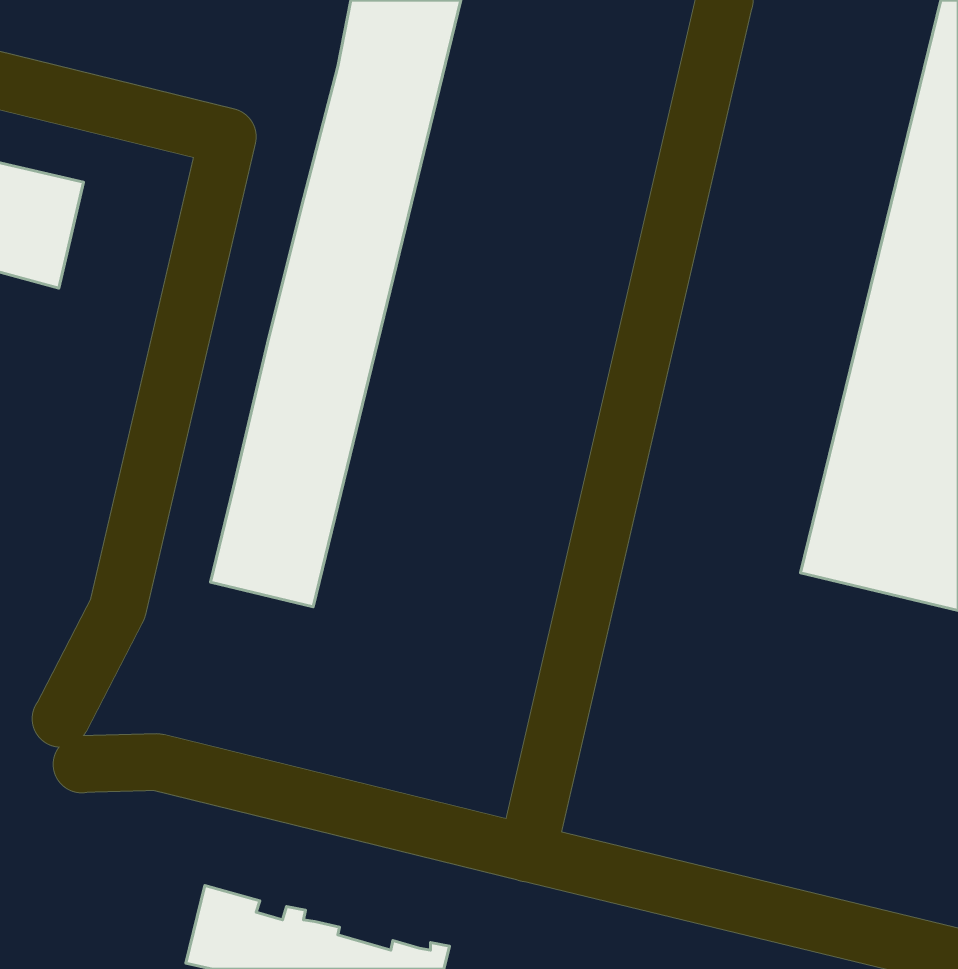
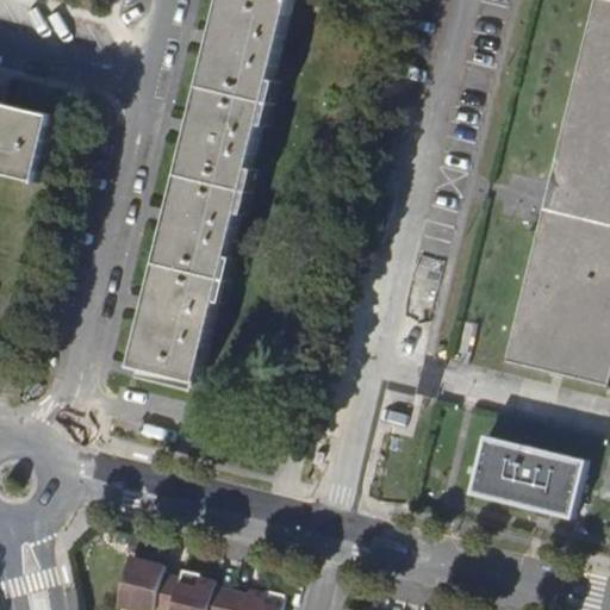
building: none -> [469,436,585,517]

